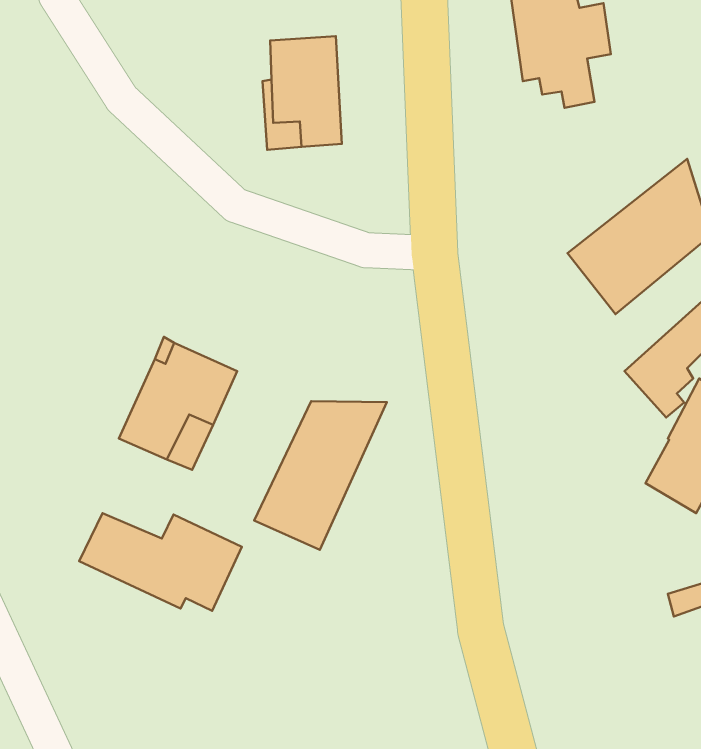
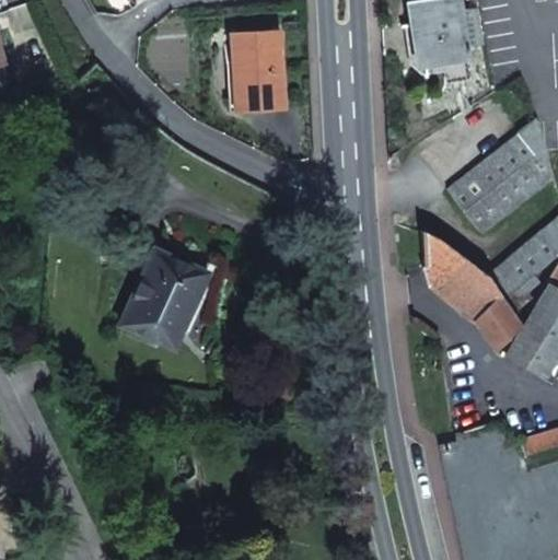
building: none -> [422,230,522,347]
building: [254,401,387,550] -> none
building: [79,513,242,611] -> none

